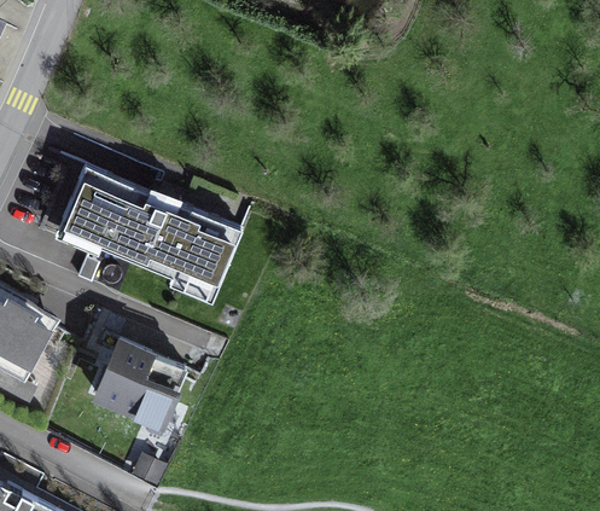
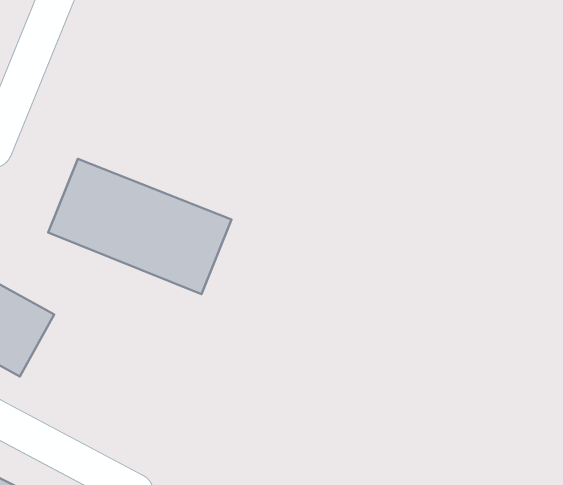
building: [92,335,186,425] -> none

